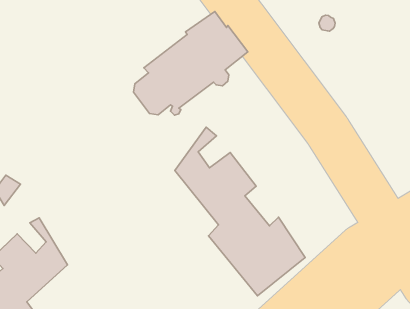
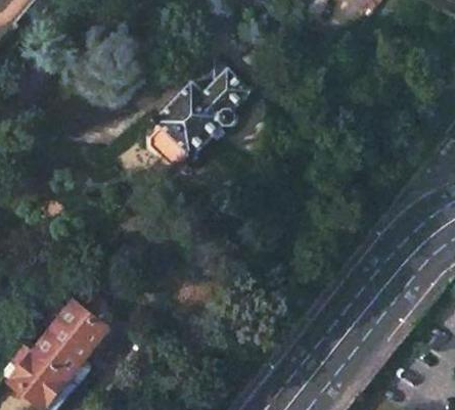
building: [175,127,305,296] -> none

